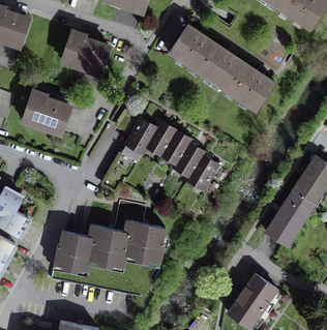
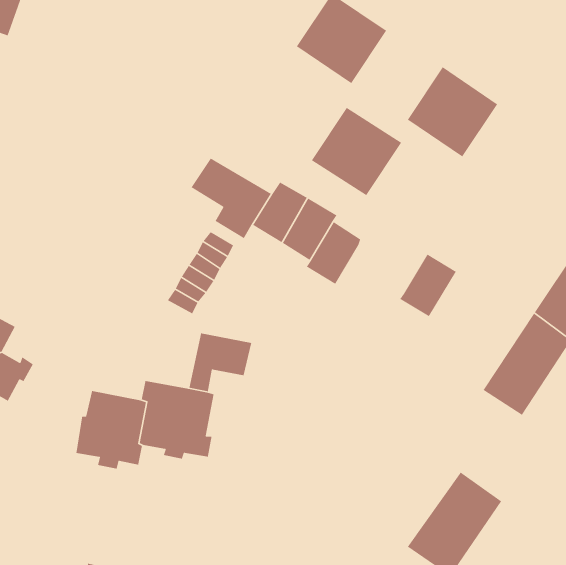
building: [61,33,111,74] -> none
building: [199,44,246,91] -> [311,107,402,196]
building: [23,92,71,134] -> none
building: [188,156,218,189] -> [399,254,457,317]
building: [123,221,166,264] -> none

